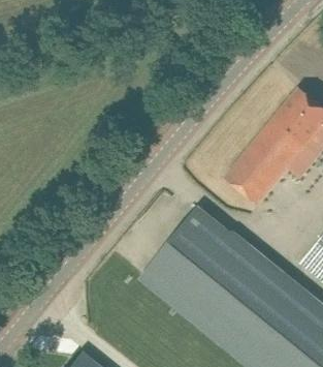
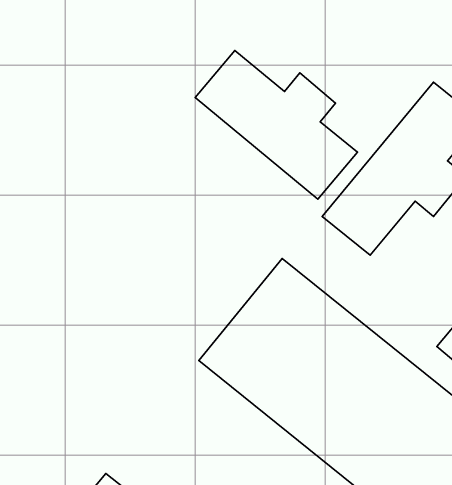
building: none -> [195,50,358,199]

